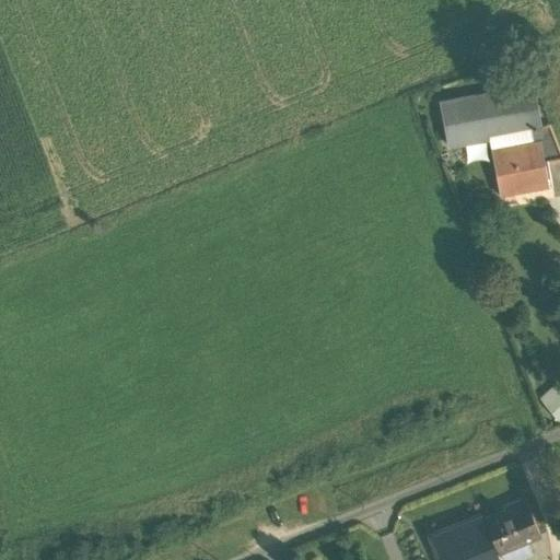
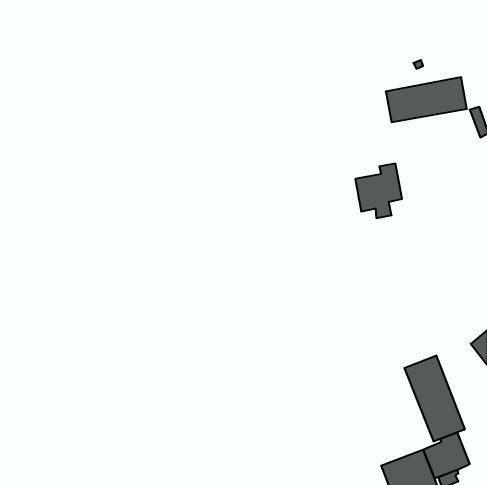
building: [493,141,547,203] -> [355,164,402,218]
building: none -> [404,355,465,442]

